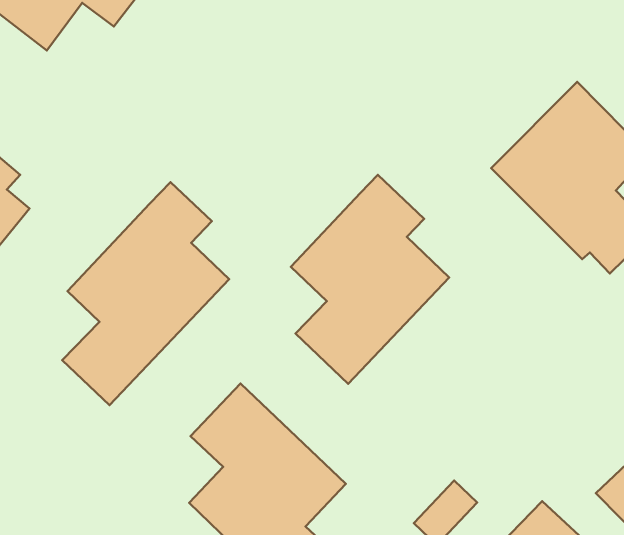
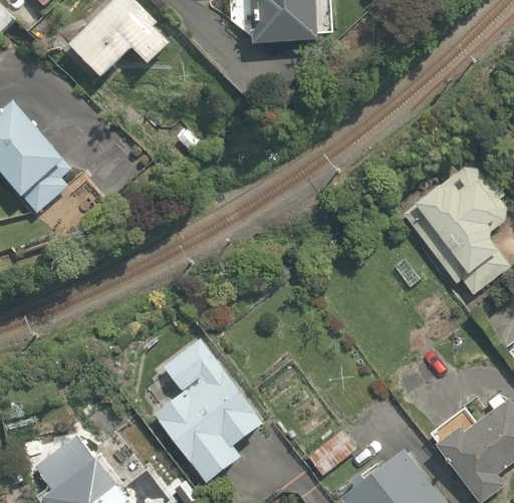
building: [291,175,449,384] -> none
building: [62,182,229,405] -> none

